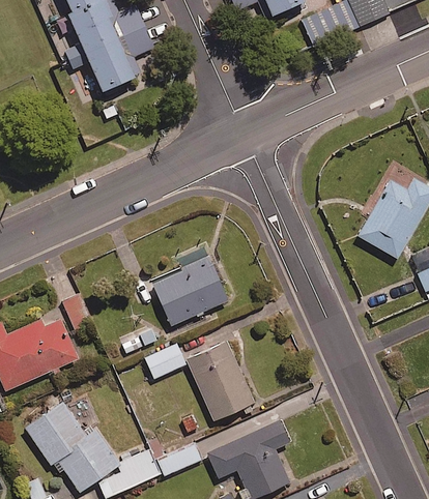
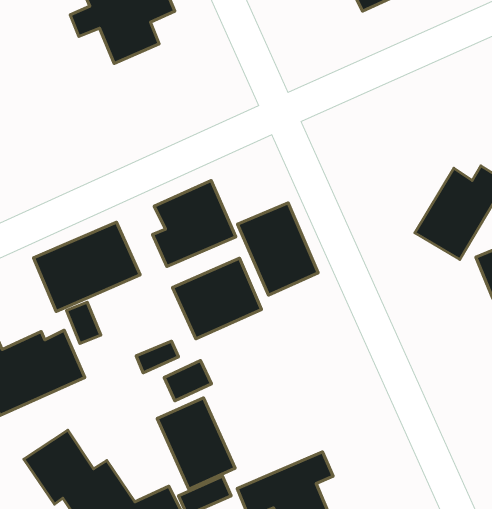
building: none -> [152,181,236,267]
building: none -> [238,203,318,295]
building: none -> [34,222,140,312]
building: [188,343,254,420] -> [157,398,235,489]

